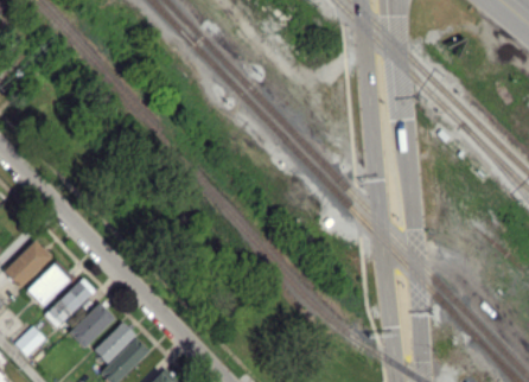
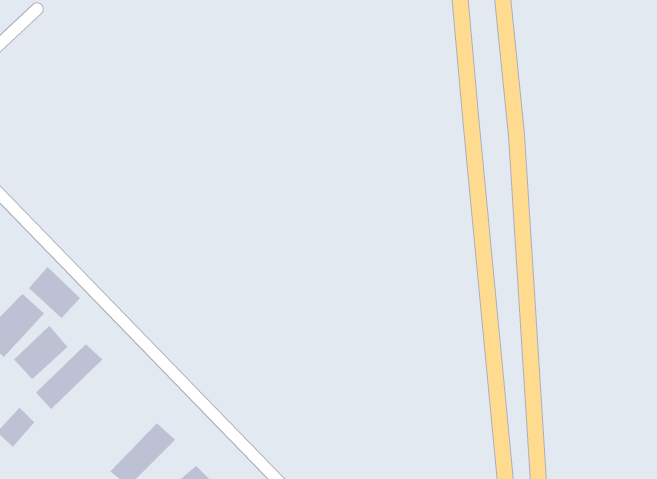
building: none -> [28,266,81,319]
building: [70,301,116,348] -> none
building: [95,321,138,363] -> none

